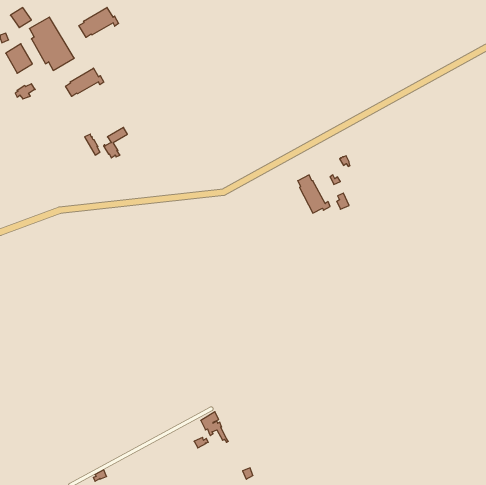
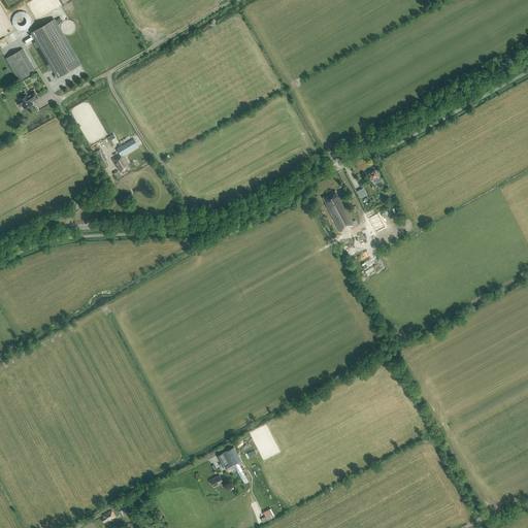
building: [79,7,119,37] -> none
building: [66,68,104,96] -> none

